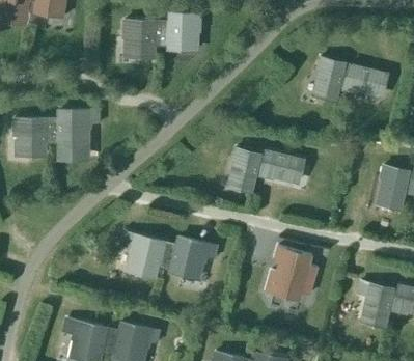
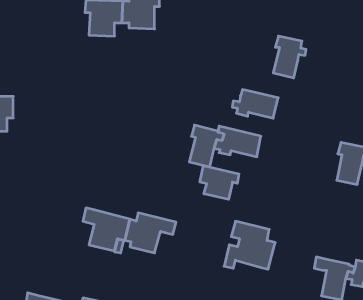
building: [340,66,387,95] -> [232,90,278,118]
building: [52,112,100,147] -> none
building: none -> [200,165,239,199]

